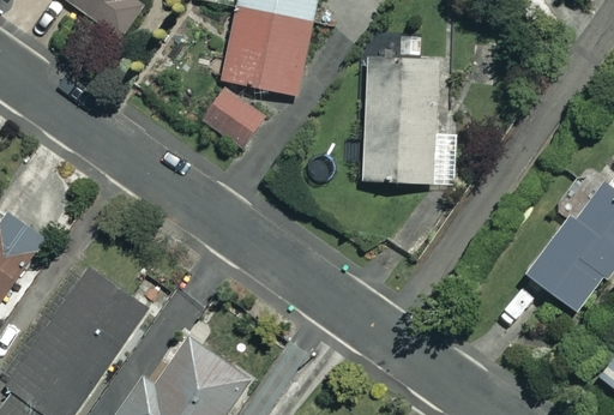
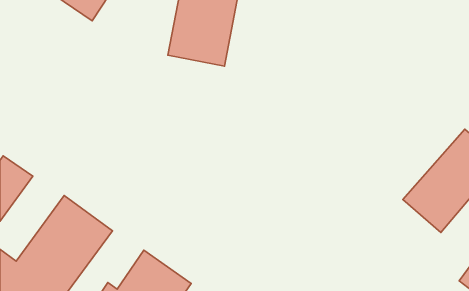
building: [359,25,460,184] -> none
building: [205,86,267,146] -> none

